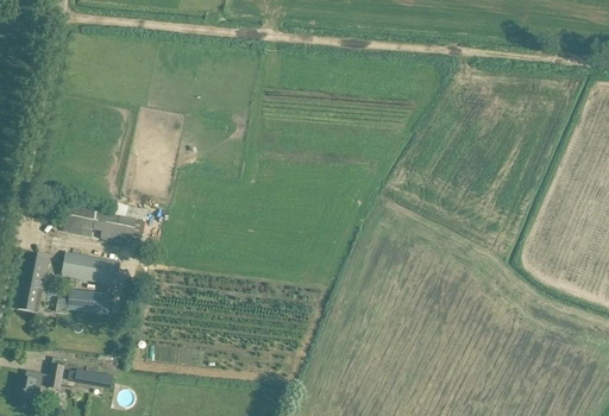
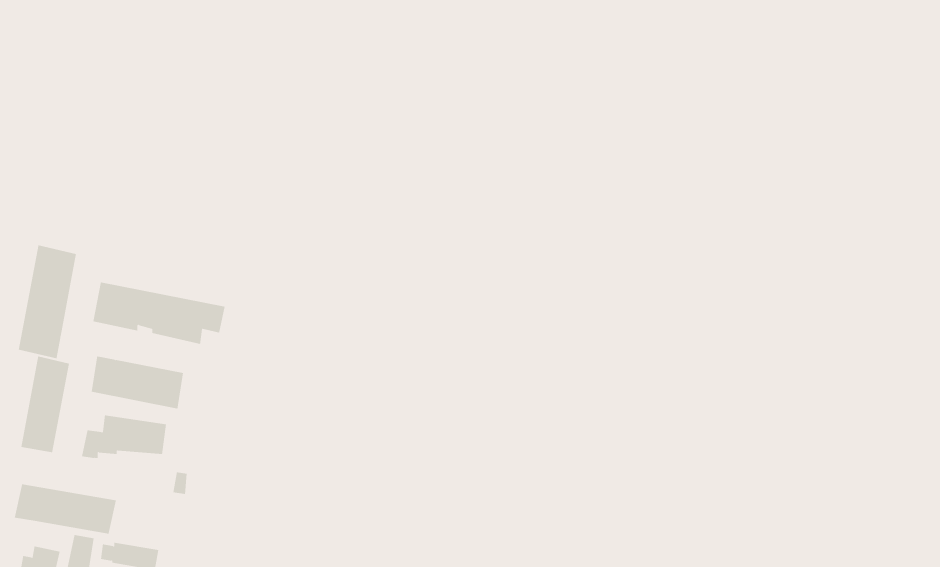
building: none -> [18,245,77,359]
building: none -> [14,483,116,535]

